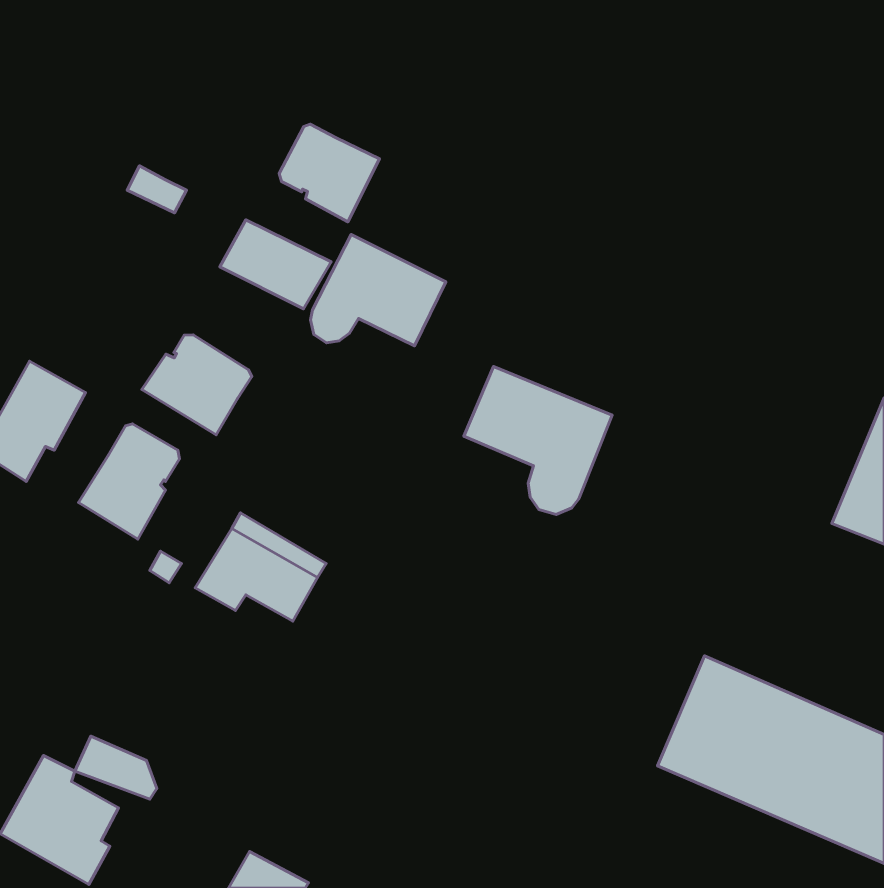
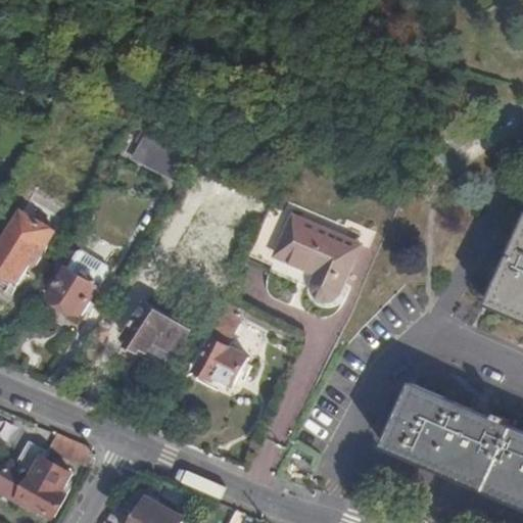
building: [279,124,379,222] -> none
building: [310,235,446,346] -> none
building: [142,335,252,435] -> none
building: none -> [193,310,246,386]

